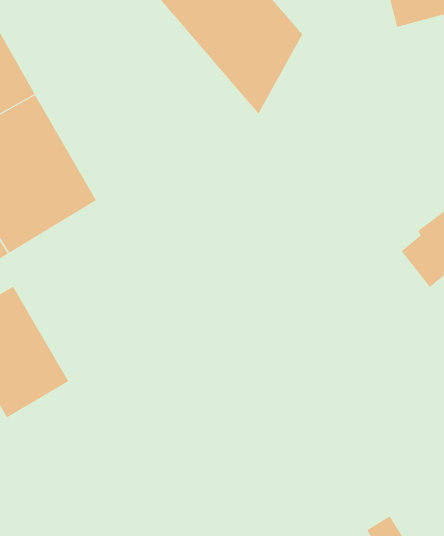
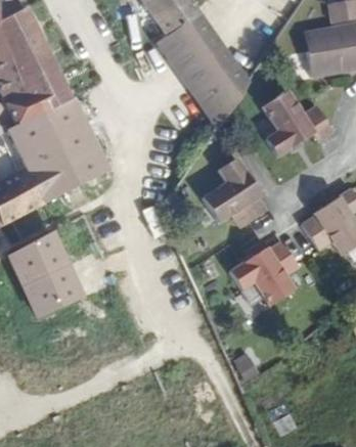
building: none -> [263,92,323,160]
building: none -> [204,162,268,230]
building: none -> [231,242,300,307]

